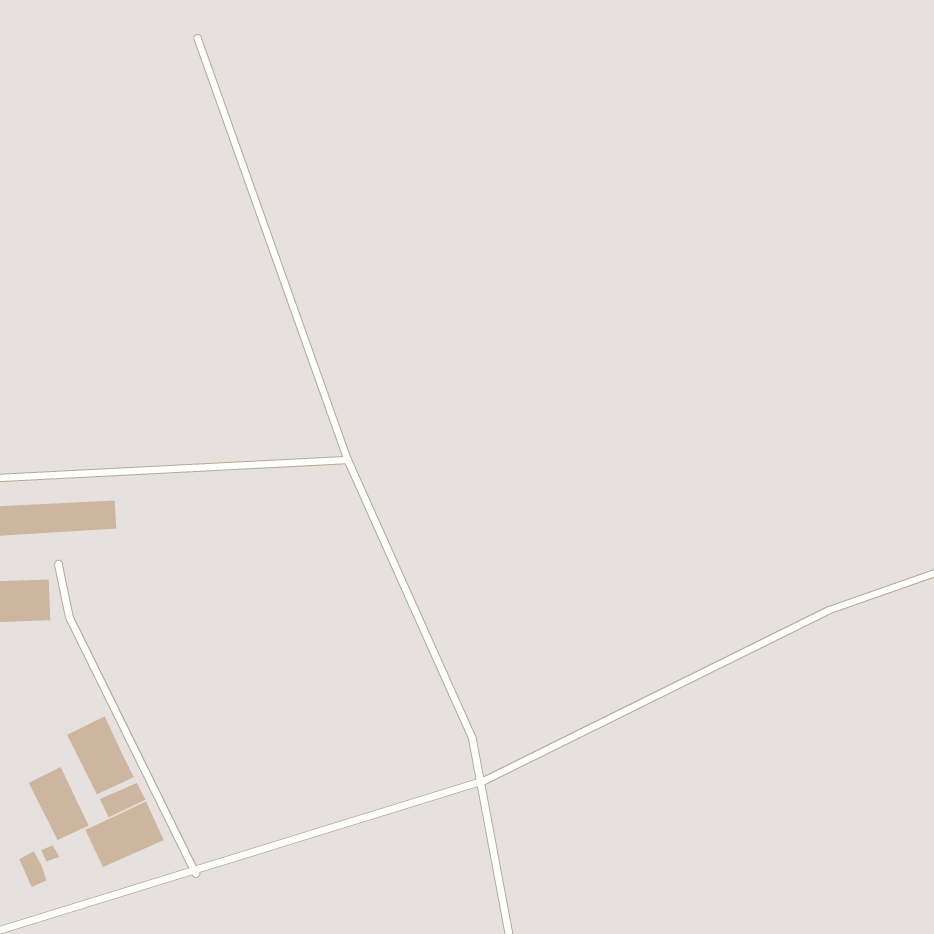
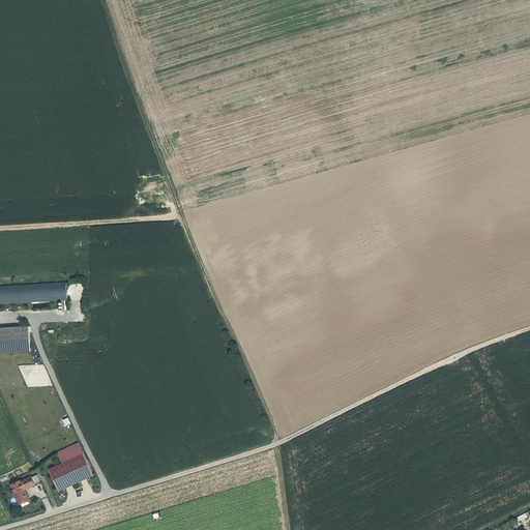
building: [66,715,135,795] -> none
building: [28,766,90,841] -> none

